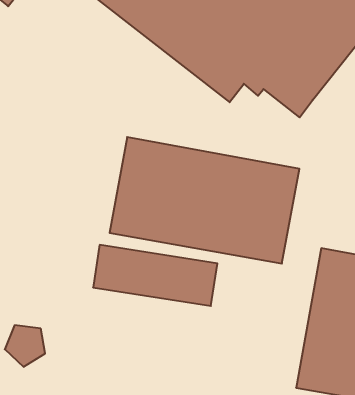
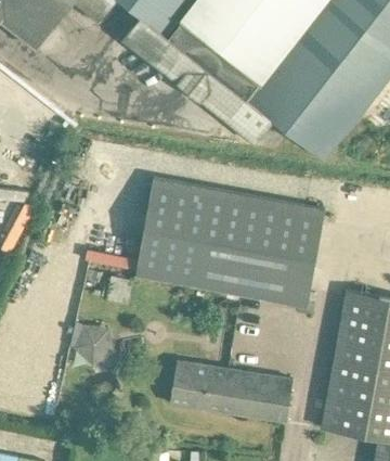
building: [93,245,217,306] -> [169,359,292,420]
building: [5,325,45,367] -> [74,323,114,364]

